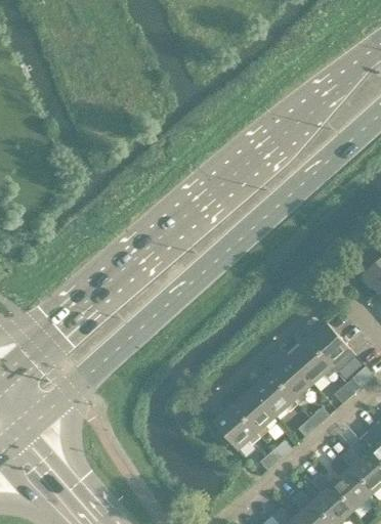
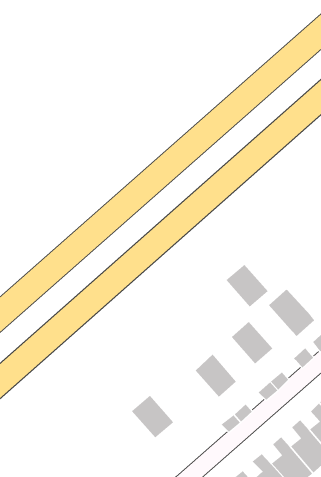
building: [289,340,333,384] -> [225,264,268,307]
building: [252,373,295,418] -> none
building: [214,406,258,450] -> [131,395,174,438]

